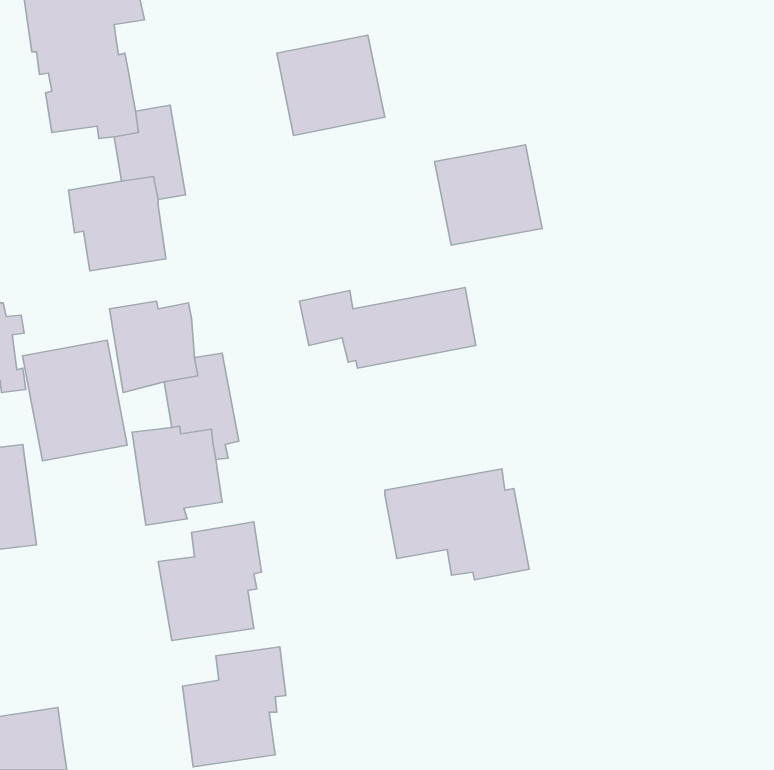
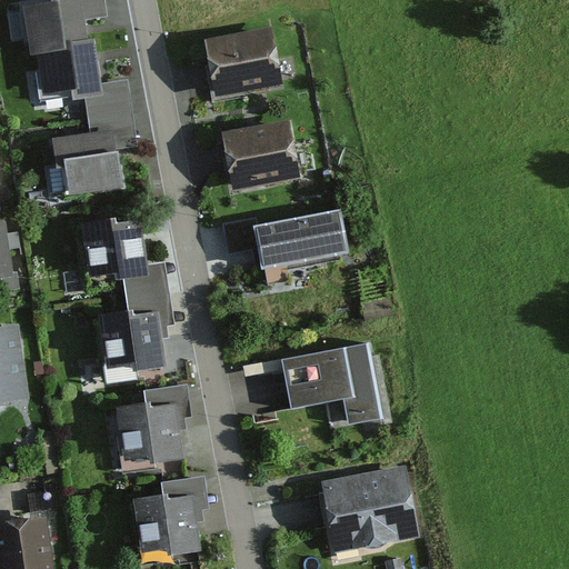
building: [434,145,542,245] -> [220,117,299,190]
building: [22,340,127,461] -> none
building: none -> [320,463,419,550]

